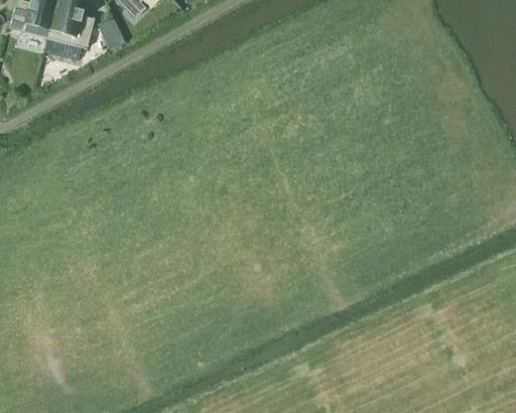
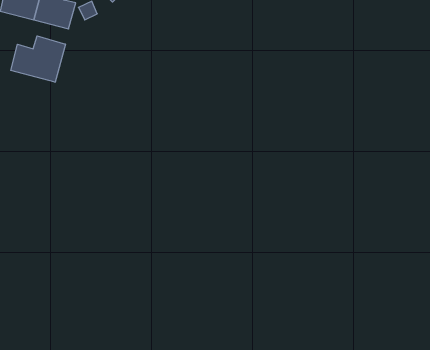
building: none -> [11,36,65,82]

